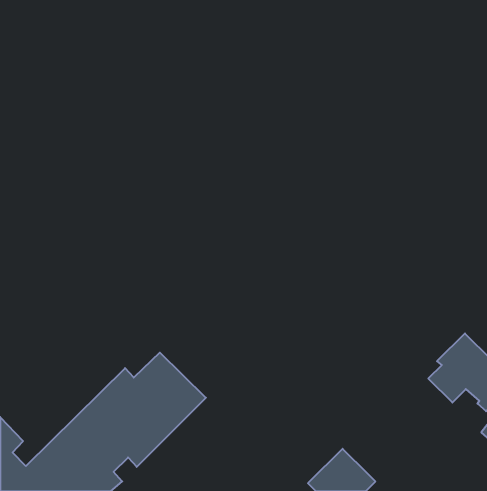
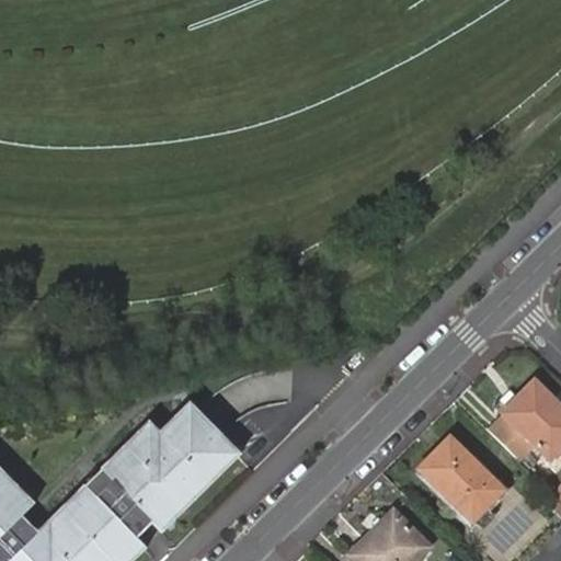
building: none -> [421,437,504,522]

